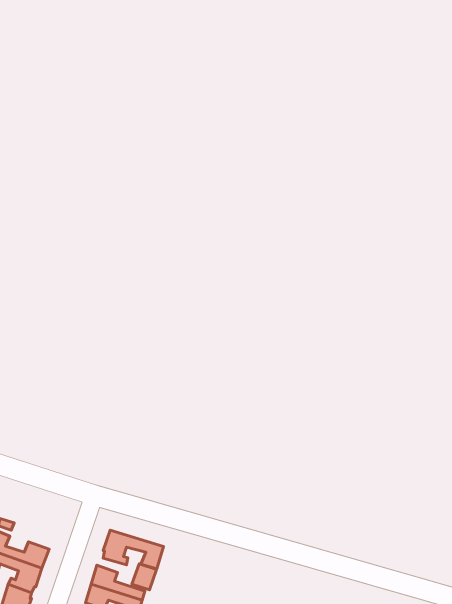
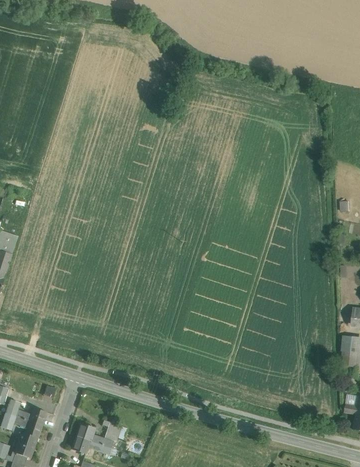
building: [103,530,164,569] -> none

